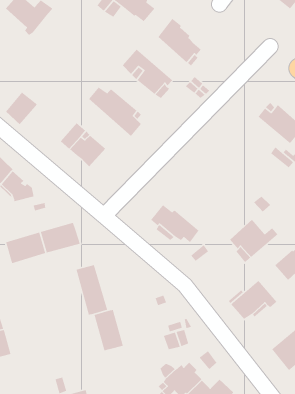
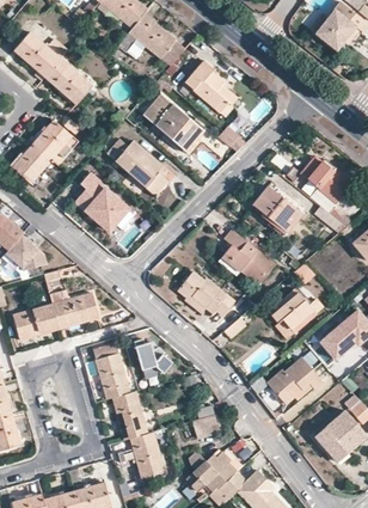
building: none -> [45,57,91,103]
building: none -> [32,118,72,165]
building: none -> [253,186,300,231]
building: none -> [221,229,275,284]
building: none -> [135,339,174,373]
building: none -> [130,432,164,477]

